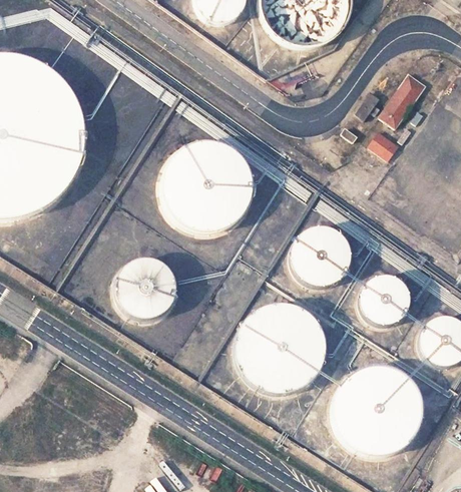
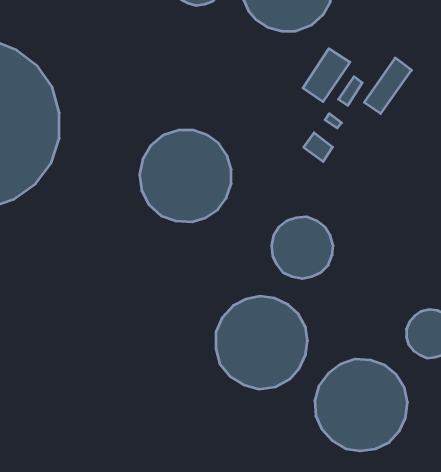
building: none -> [303,49,350,102]
building: [370,130,398,158] -> [304,133,333,162]
building: [114,258,175,319] -> none
building: [359,276,409,325] -> none

